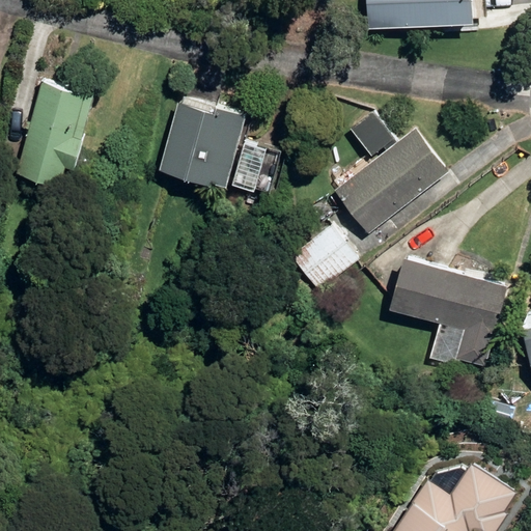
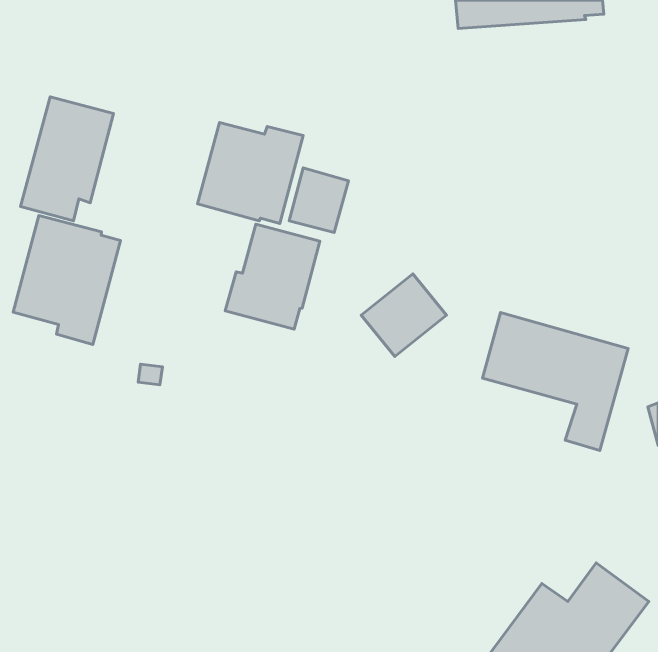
building: [333,129,448,235] -> none
building: none -> [13,215,121,344]
building: none -> [225,224,320,329]

